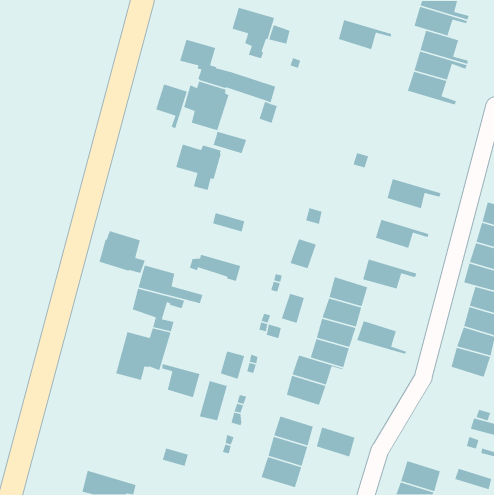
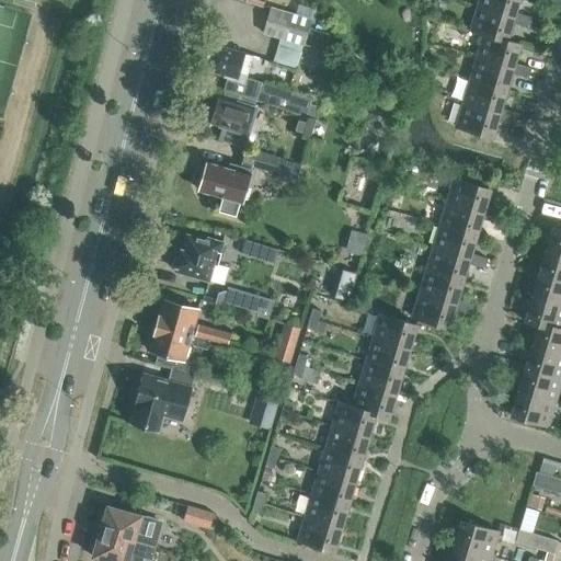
building: [338,19,392,50] -> [455,103,516,138]
building: [155,74,188,129] -> none
building: none -> [445,179,502,218]
building: none -> [432,225,488,264]
building: [98,230,146,274] -> [175,234,229,284]
building: [281,293,305,324] -> [273,325,300,360]
building: [356,320,407,355] -> [417,270,474,309]
building: [161,363,201,398] -> none
building: [199,380,228,421] -> none
building: [316,426,356,457] -> [318,447,363,482]
building: none -> [100,506,163,548]

